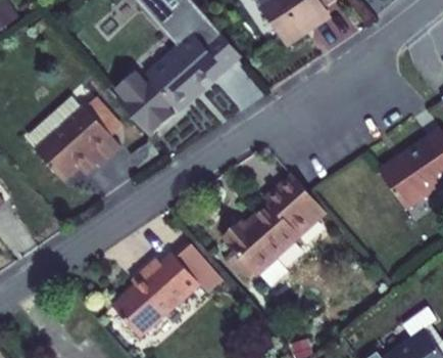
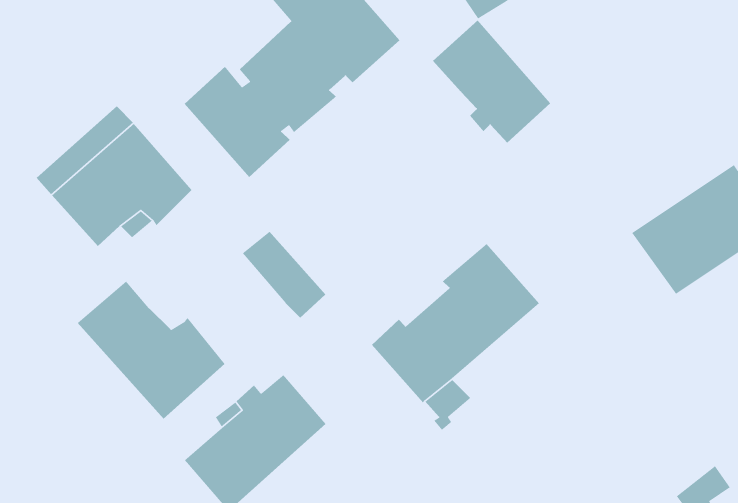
building: none -> [432,20,551,143]
building: none -> [77,280,225,420]
building: [171,240,222,293] -> [242,231,326,319]

